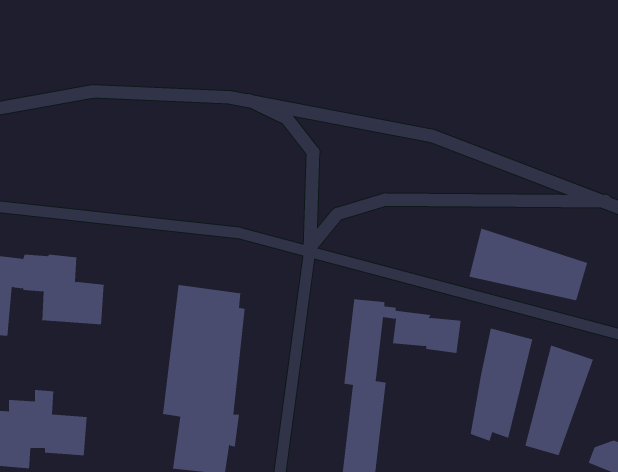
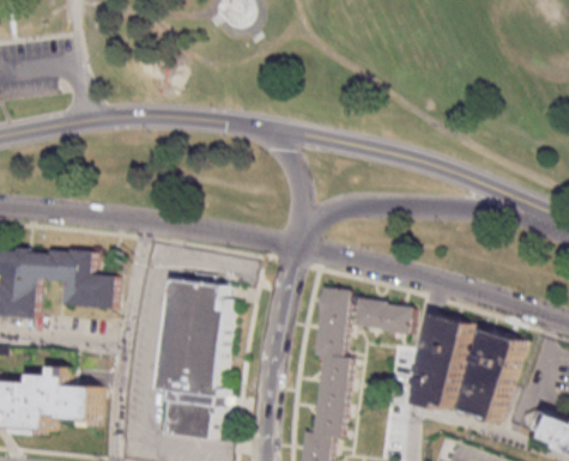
building: [469,228,588,301] -> none

